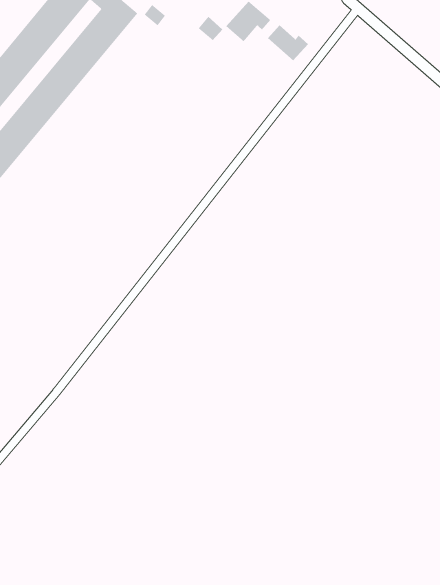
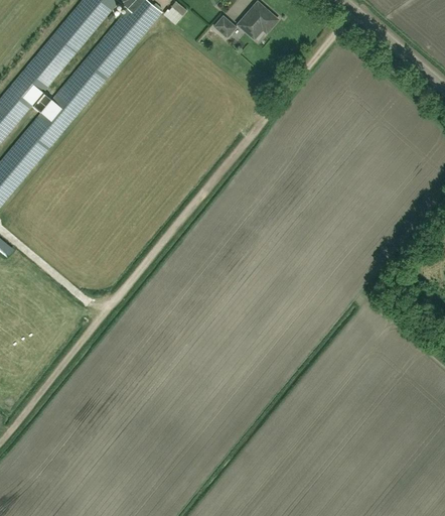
building: [267,24,309,61] -> none

